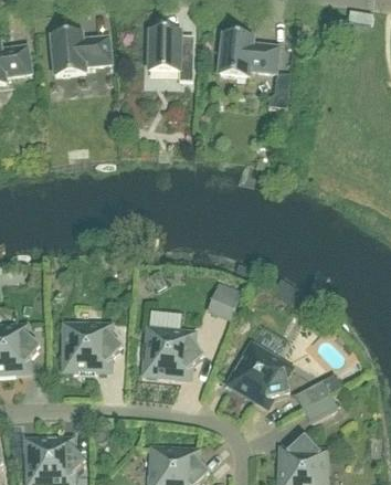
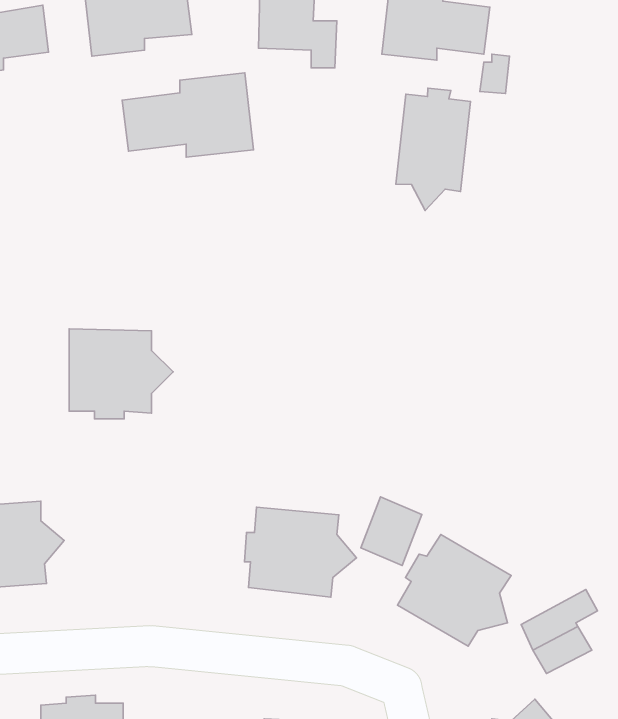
building: none -> [122,73,253,157]
building: none -> [396,88,470,210]
building: [207,281,241,319] -> [361,497,422,565]
building: [63,323,121,373] -> [69,329,173,419]

